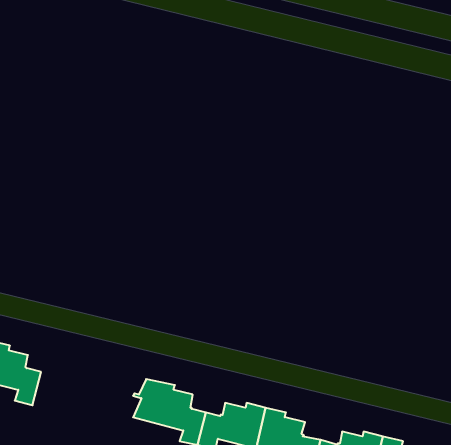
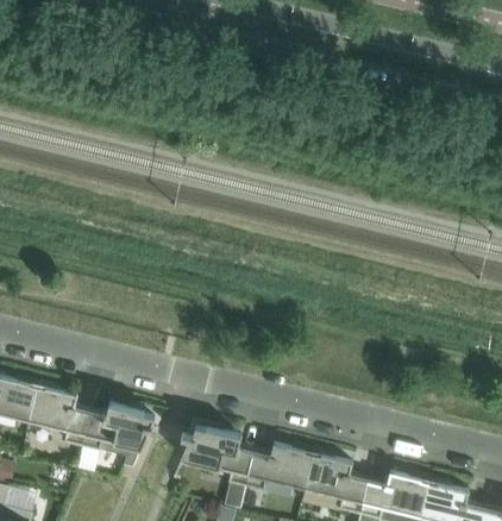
building: none -> [81,402,161,467]

